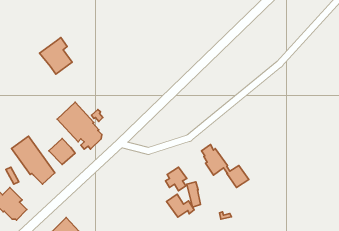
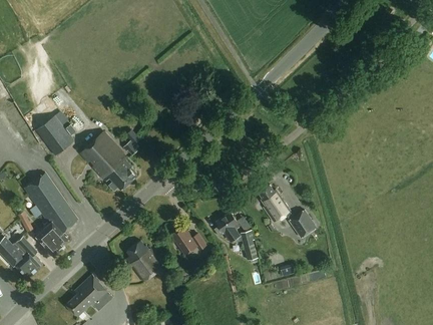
building: [39,38,72,74] -> [34,110,74,155]
building: [49,138,75,165] -> [36,223,68,255]
building: none -> [126,242,164,283]
building: [166,194,194,217] -> [171,227,205,255]

